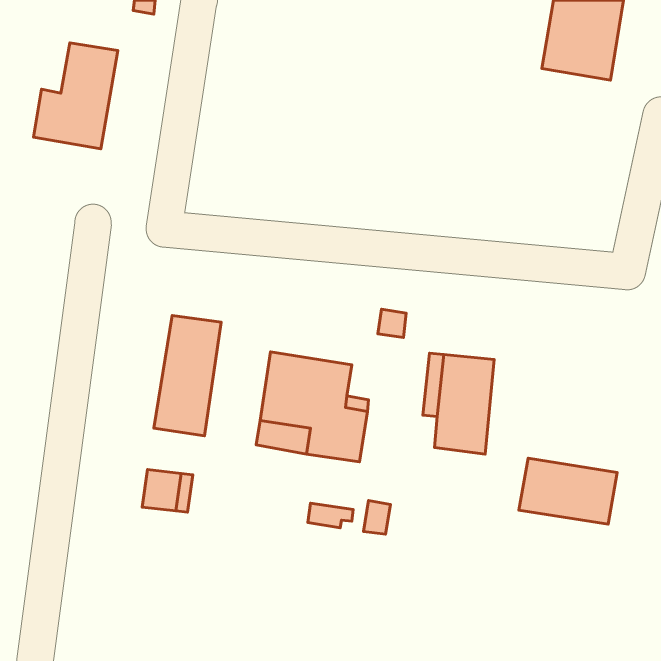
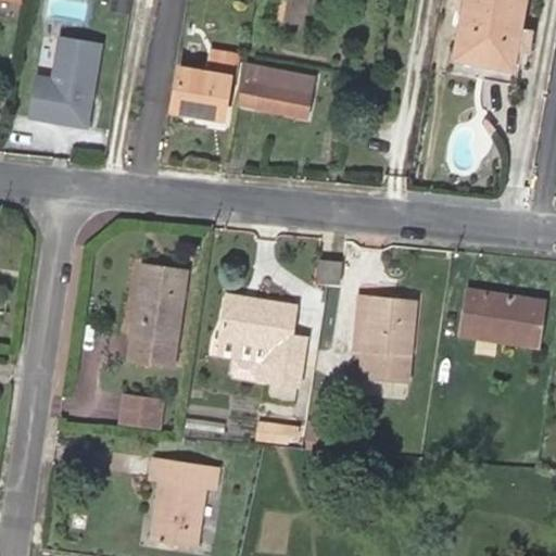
building: none -> [173,50,238,116]
building: none -> [239,64,314,116]
building: [519,458,617,524] -> [462,290,544,345]
building: none -> [150,457,219,547]

